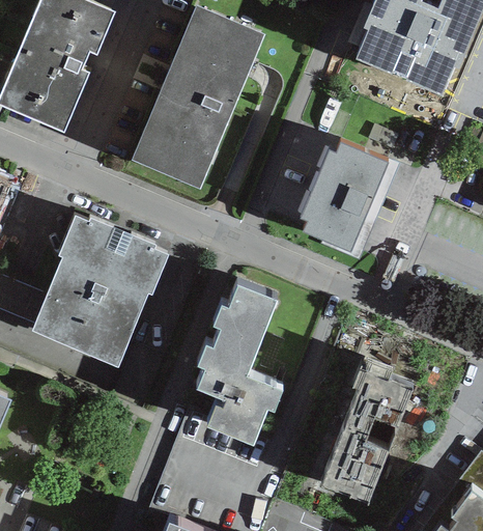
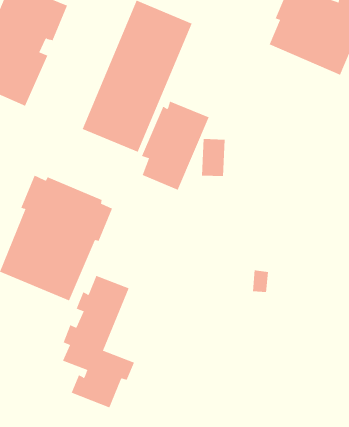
building: [307,143,389,251] -> [141,101,209,191]
building: [196,284,283,444] -> [62,275,135,408]
building: [319,370,414,504] -> none

